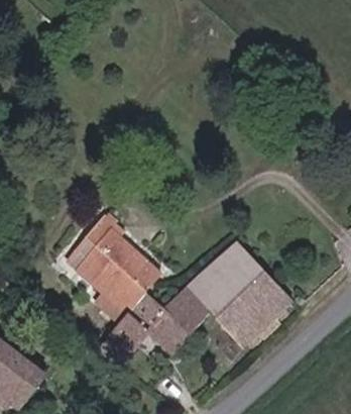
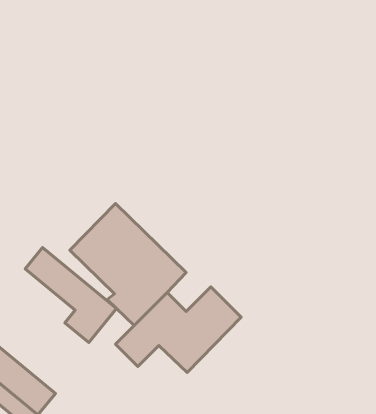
building: [184,237,296,348] -> none
building: none -> [25,248,117,342]

